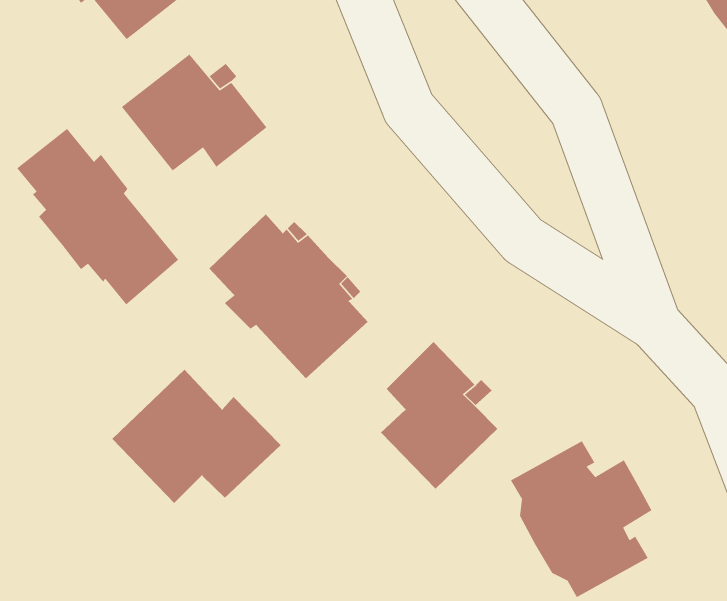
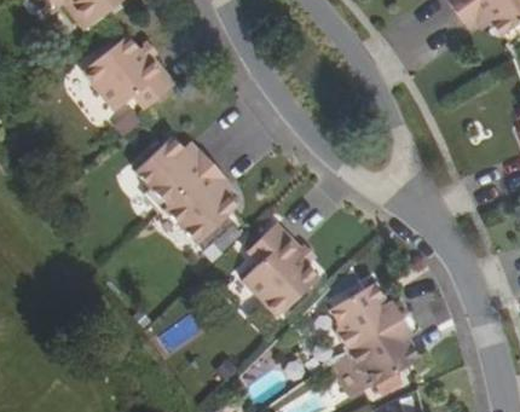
building: [16,128,179,305] -> none
building: [112,369,282,504] -> none

